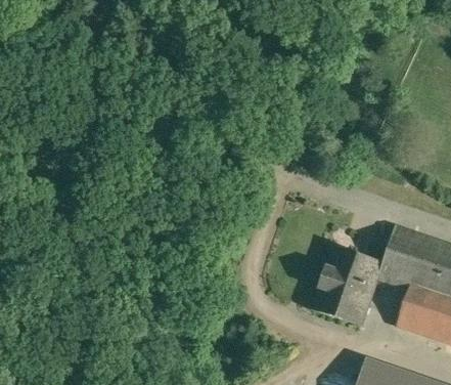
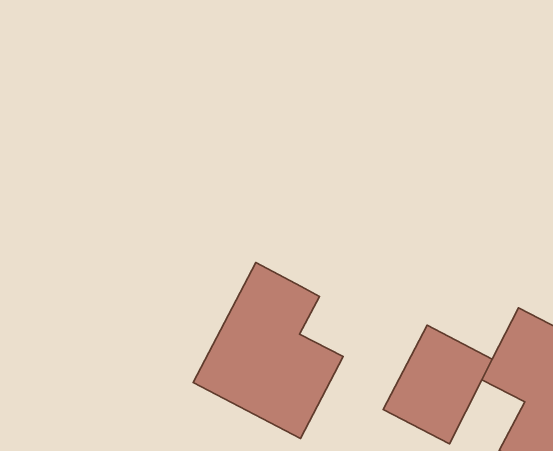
building: none -> [193,262,343,439]

